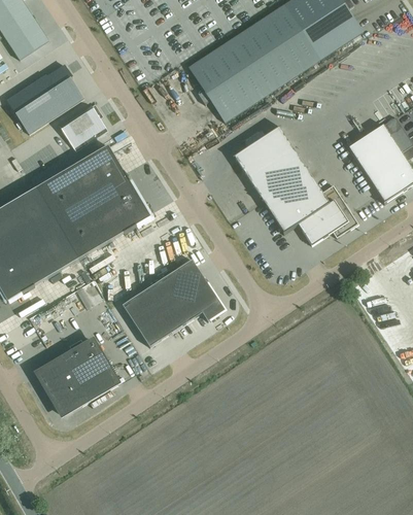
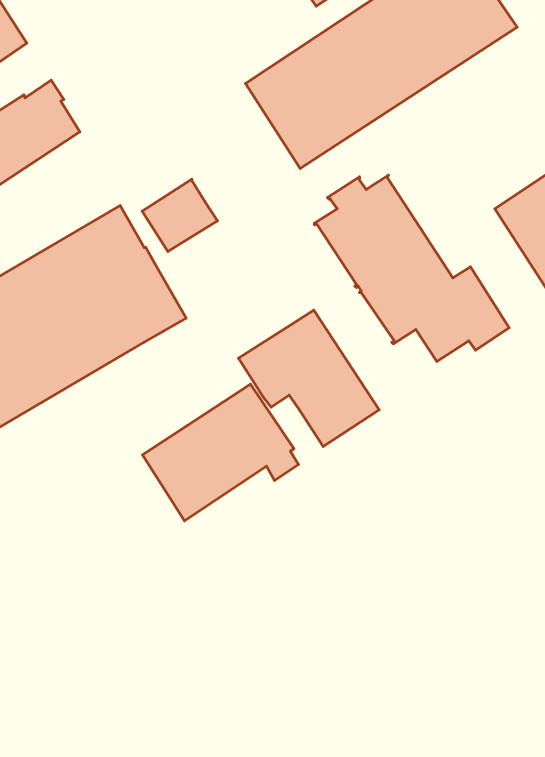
building: [59,103,107,149] -> [142,179,218,251]
building: none -> [238,310,379,447]
building: [37,338,117,413] -> none

